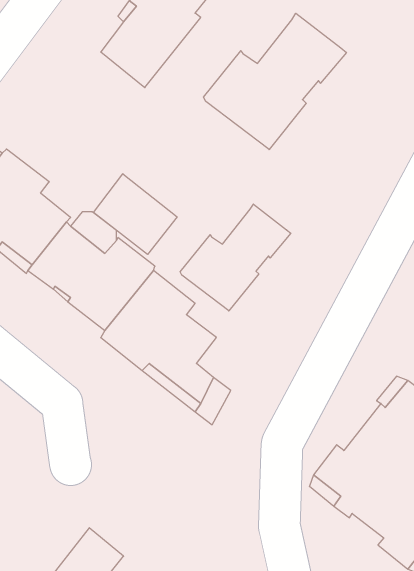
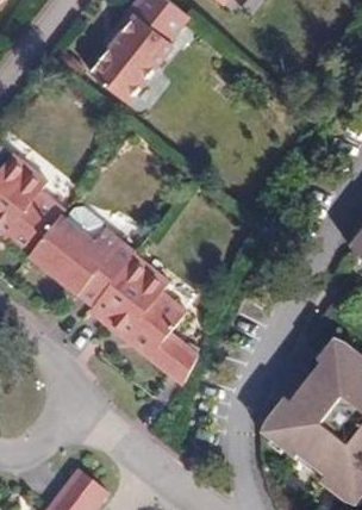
building: [203,13,346,150] -> none
building: [93,174,177,254] -> none
building: [180,204,291,311] -> none

